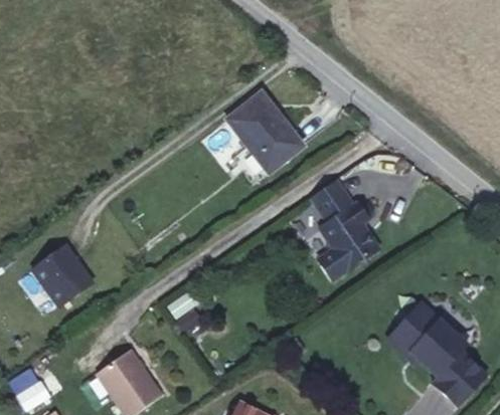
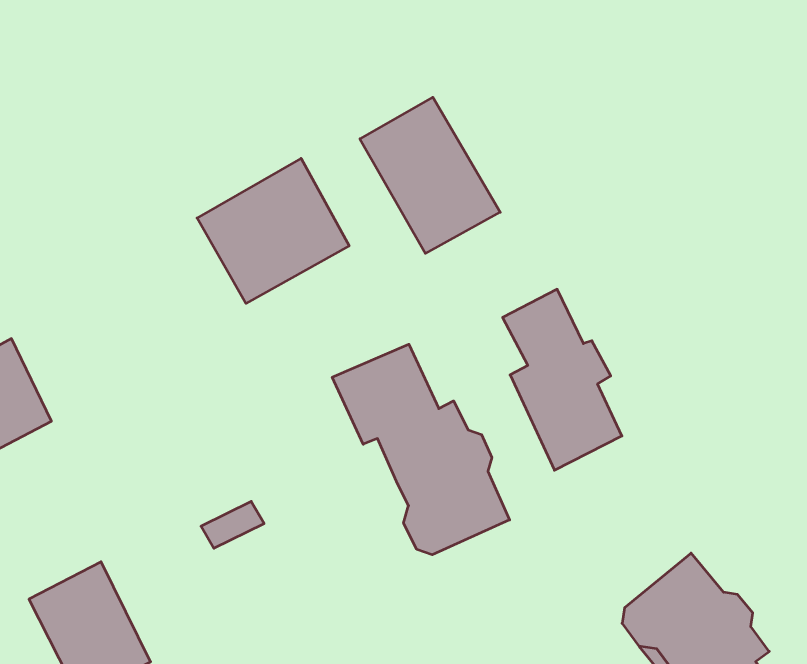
building: none -> [197,158,349,303]
building: none -> [332,344,510,555]

